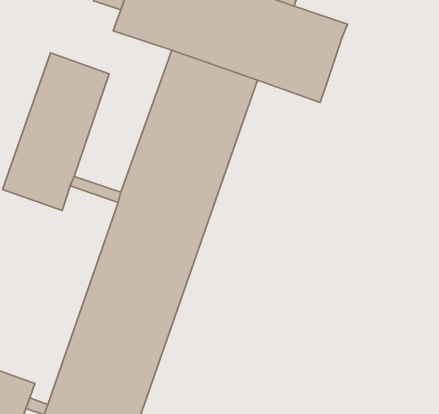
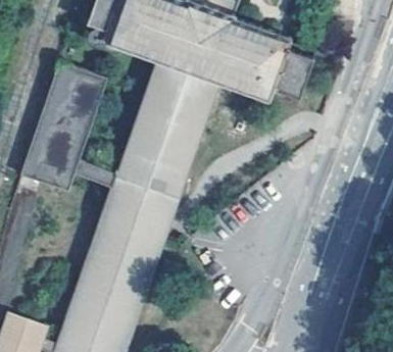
building: none -> [276,52,313,95]

